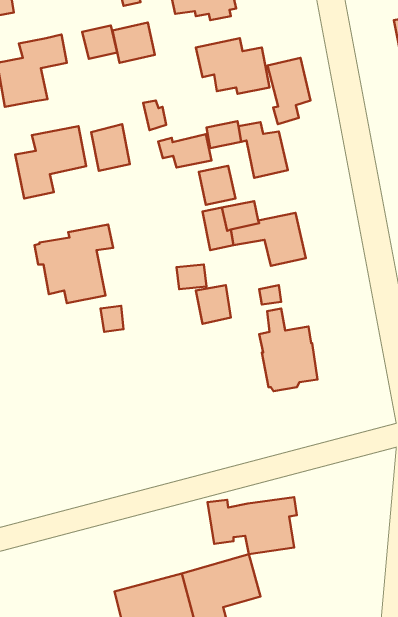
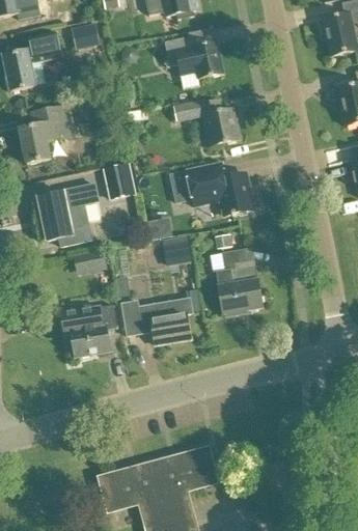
building: [112,23,155,63] -> none
building: [268,58,310,124] -> none
building: [91,124,130,171] -> [105,162,136,199]
building: [158,134,211,168] -> none
building: [199,166,235,205] -> none
building: none -> [61,302,117,356]
building: [208,497,297,554] -> [121,297,193,342]

